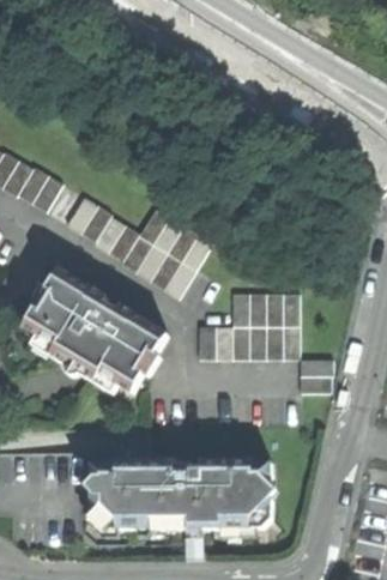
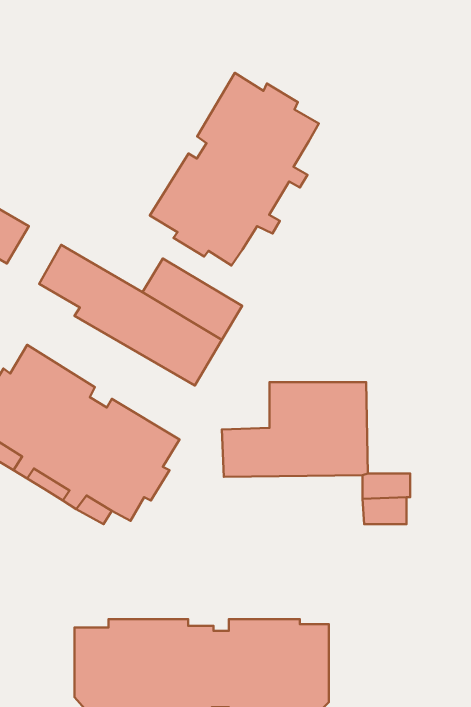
building: none -> [150,73,319,266]

